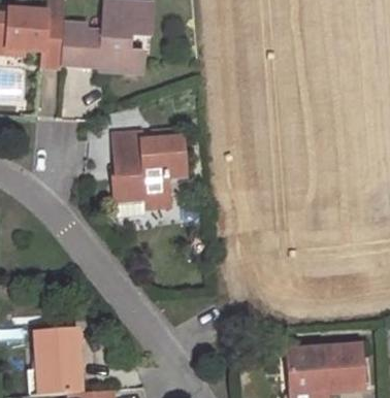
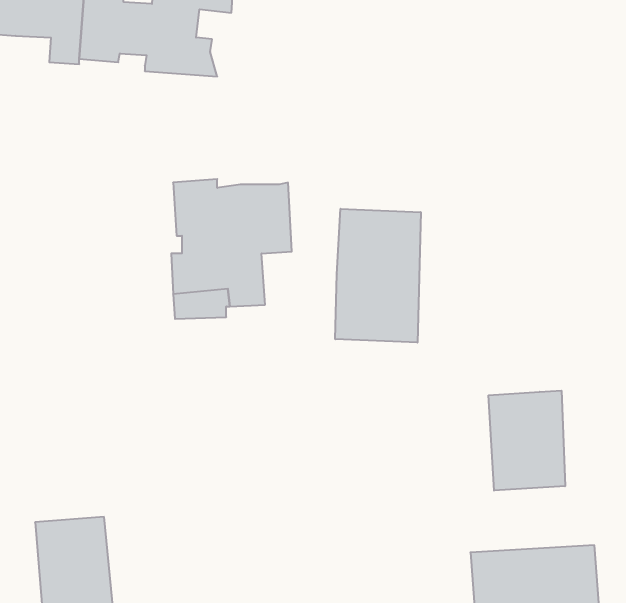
building: none -> [335,209,421,343]
building: none -> [489,391,565,491]

